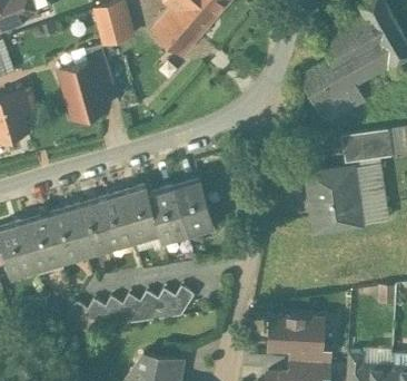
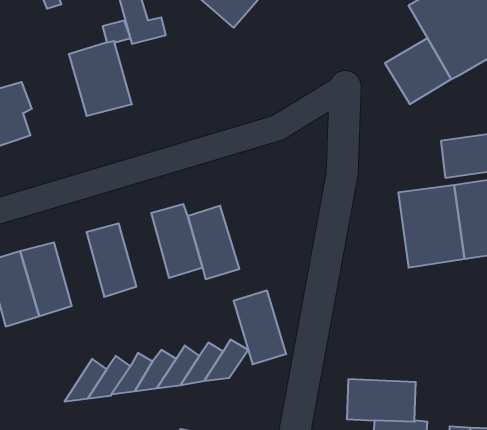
building: [317,86,365,125] -> none
building: [173,177,214,233] -> [233,291,286,364]
building: [97,190,135,246] -> none
building: [48,205,86,261] -> none

